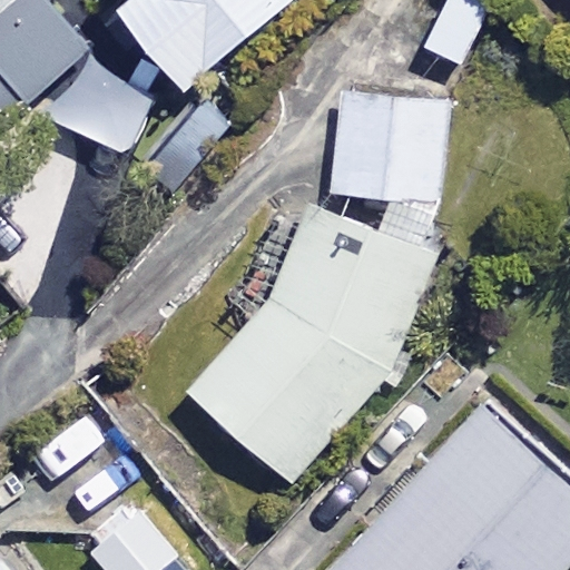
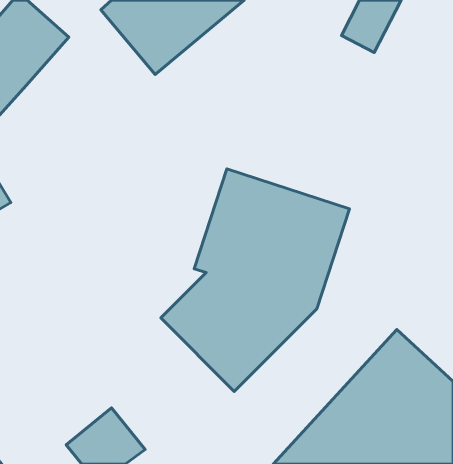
building: [32,46,158,170] -> none
building: [327,94,439,205] -> none

